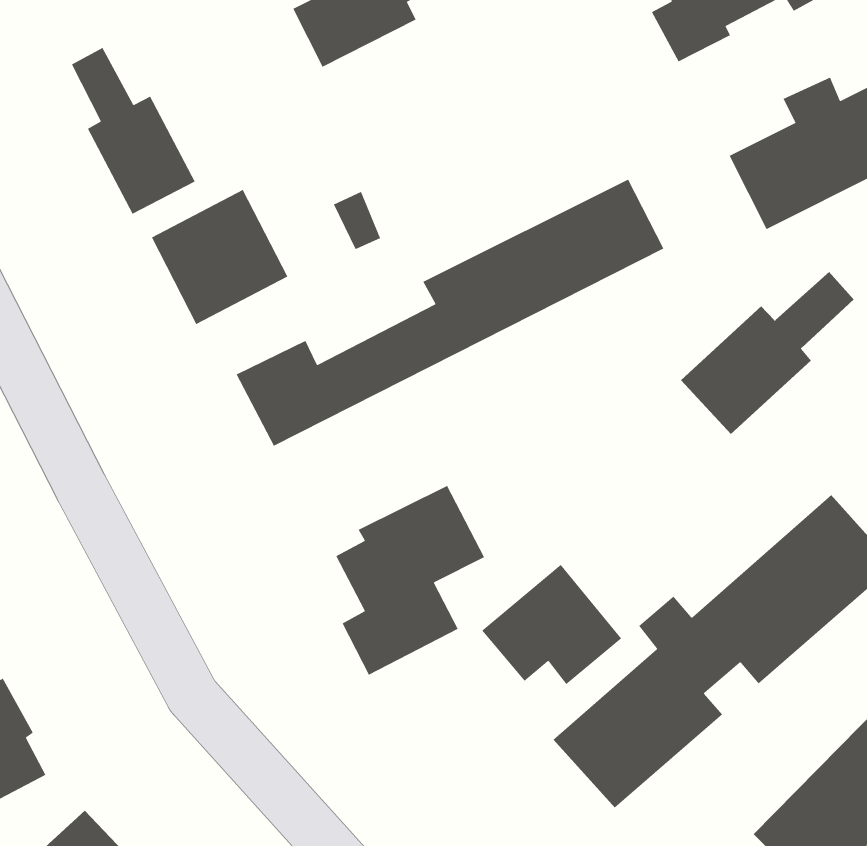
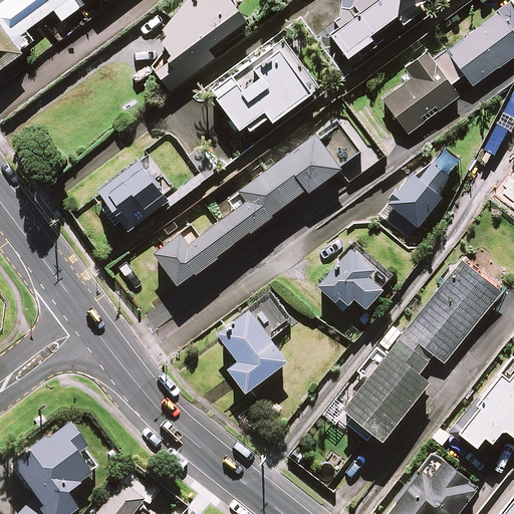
building: none -> [214,45,319,135]
building: [71,47,196,215] -> none
building: [481,564,622,685] -> [318,247,390,309]

